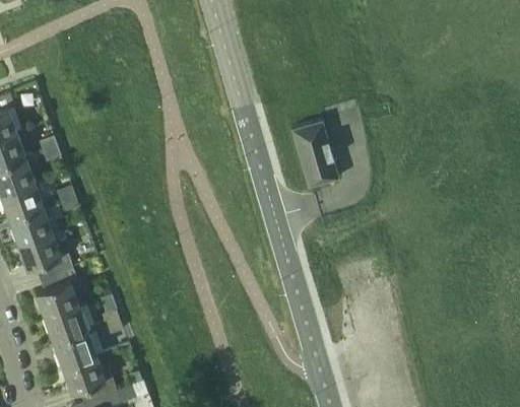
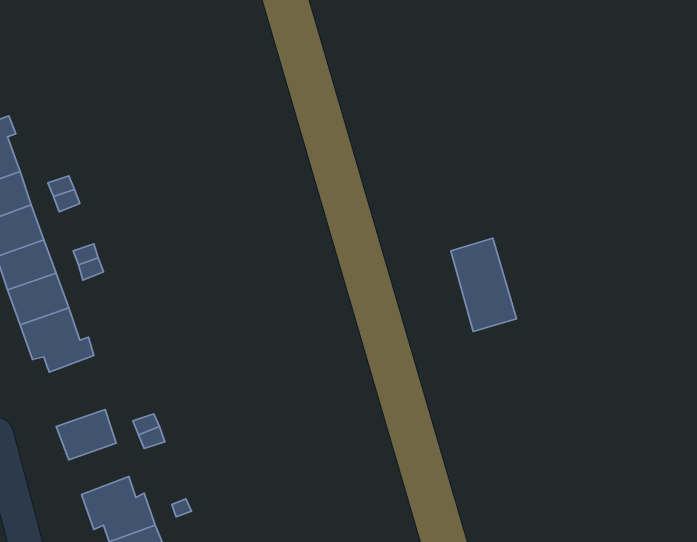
building: [290,118,338,186] -> [451,238,516,331]
building: [35,265,79,317] -> none
building: [53,329,96,366] -> none

